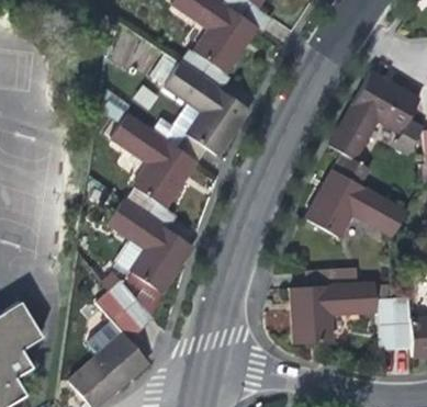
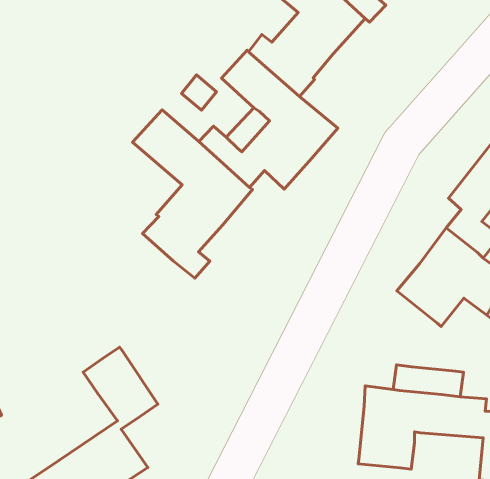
building: [106,200,192,293] -> none

